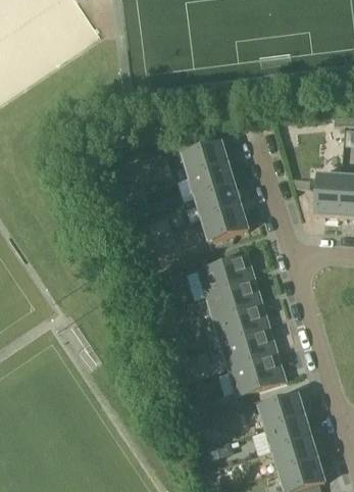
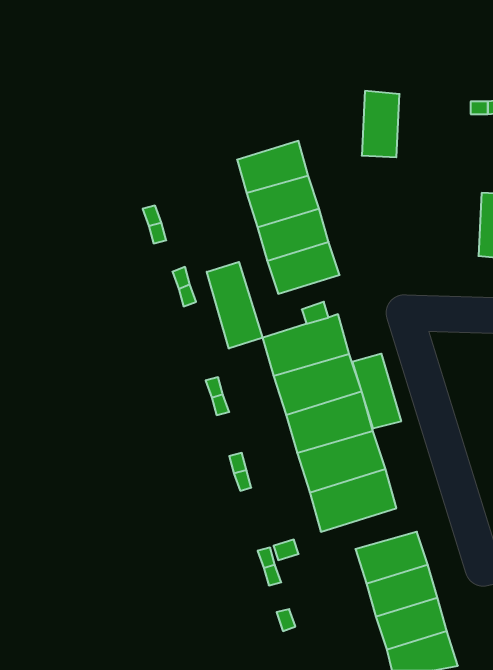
building: [315,173,340,215] -> [362,91,400,157]
building: none -> [207,262,262,349]
building: none -> [352,354,401,429]

